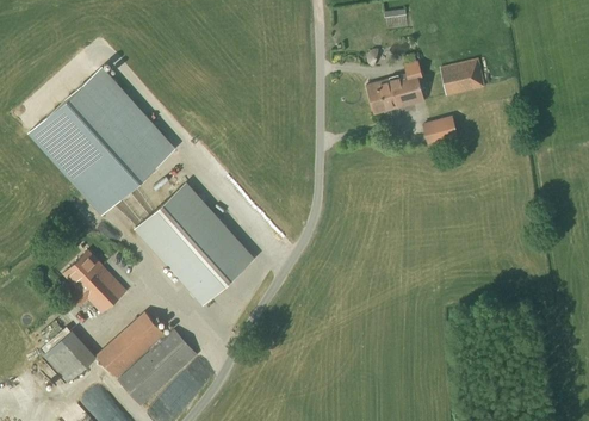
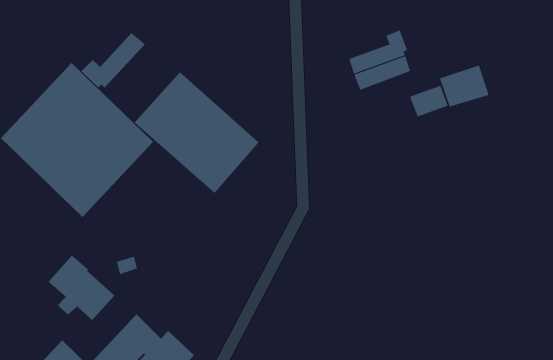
building: none -> [81,32,146,88]
building: [440,58,486,97] -> [439,65,489,107]
building: [134,182,252,302] -> [134,71,259,194]

